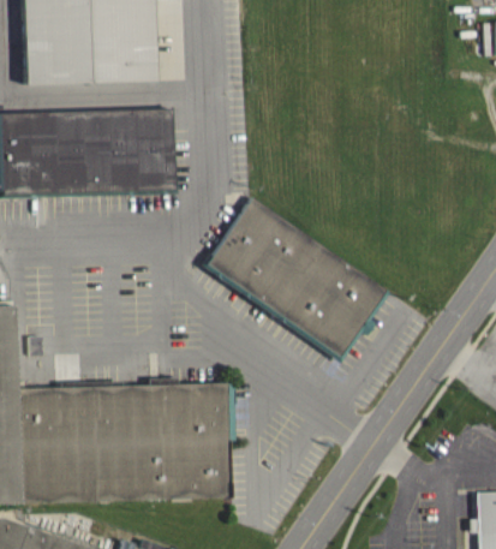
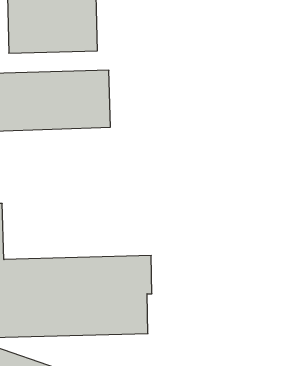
building: [201,196,388,360] -> none

